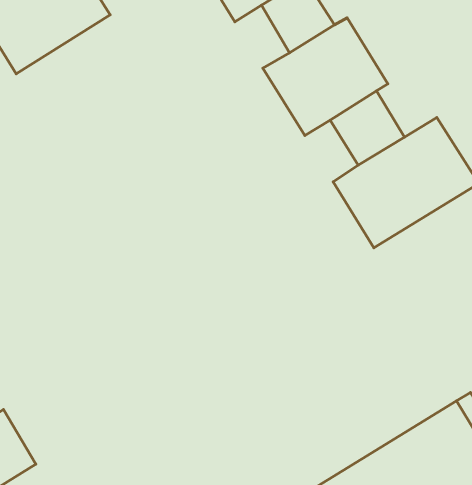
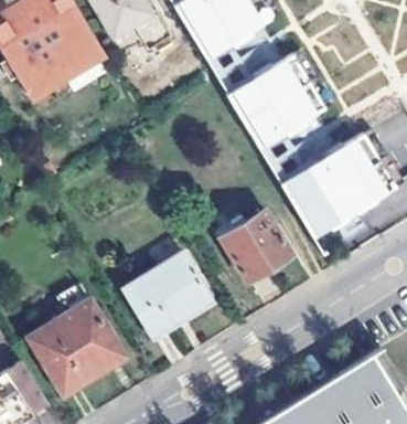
building: none -> [219,212,291,283]
building: none -> [122,255,213,341]
building: none -> [29,301,125,396]

